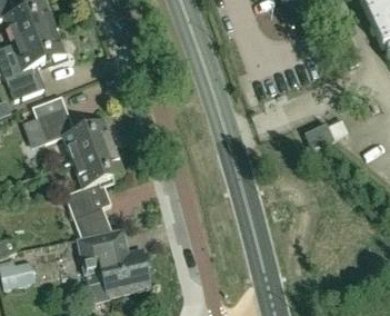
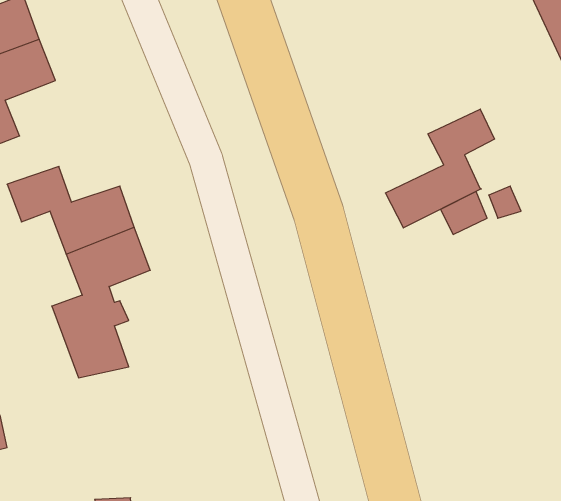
building: none -> [385,109,495,228]
building: [76,228,149,302] -> none

